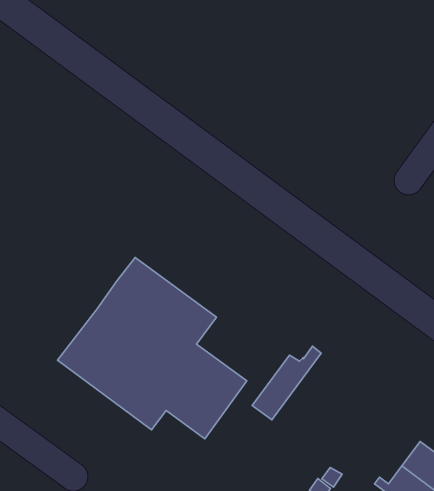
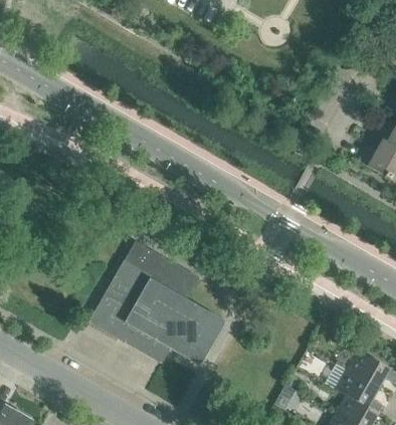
building: [252,346,321,420] -> none

